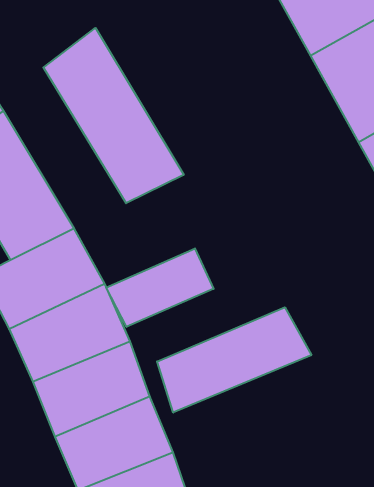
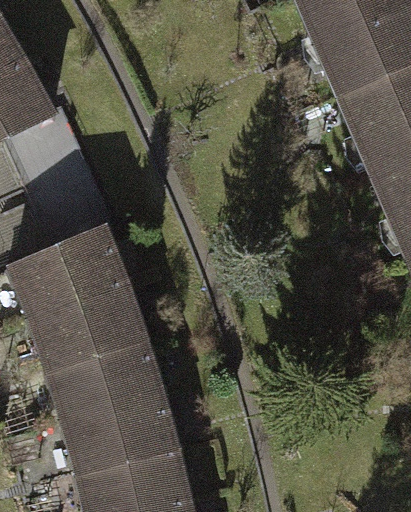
building: [43,28,184,203] -> none
building: [106,248,214,327] -> none
building: [157,307,311,413] -> none

